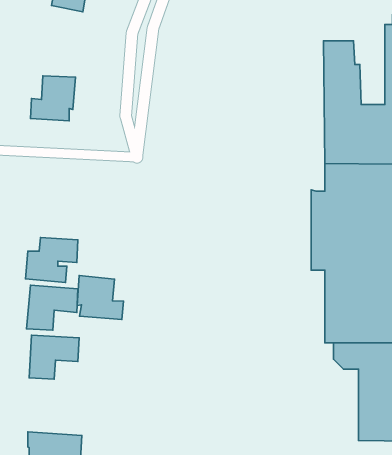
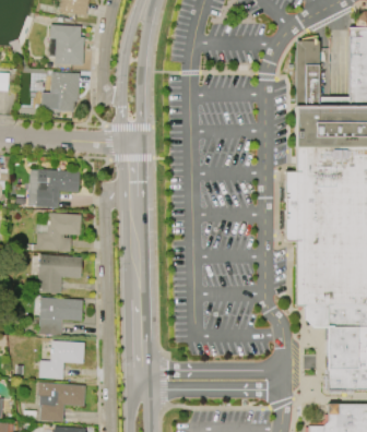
building: none -> [49,24,84,65]
building: none -> [36,169,80,207]
building: [77,276,123,319] -> none
building: none -> [39,340,85,379]

